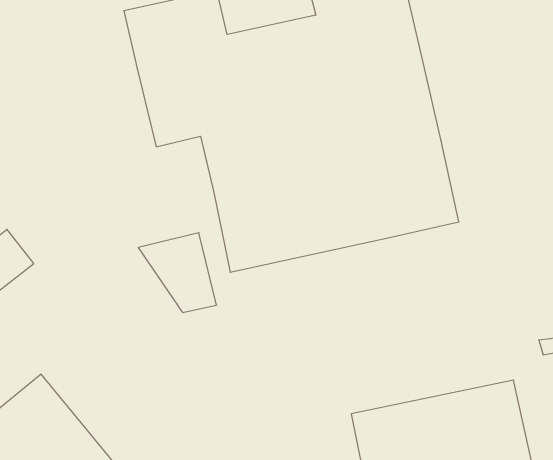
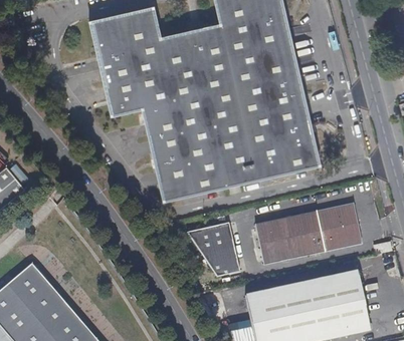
building: [138,233,217,312] -> [185,224,238,278]
building: none -> [254,205,360,266]

